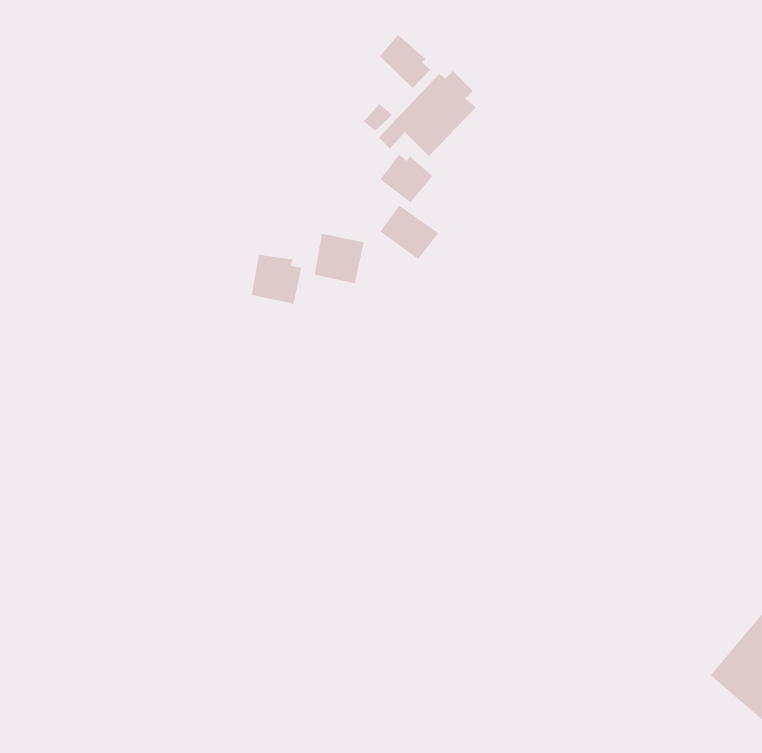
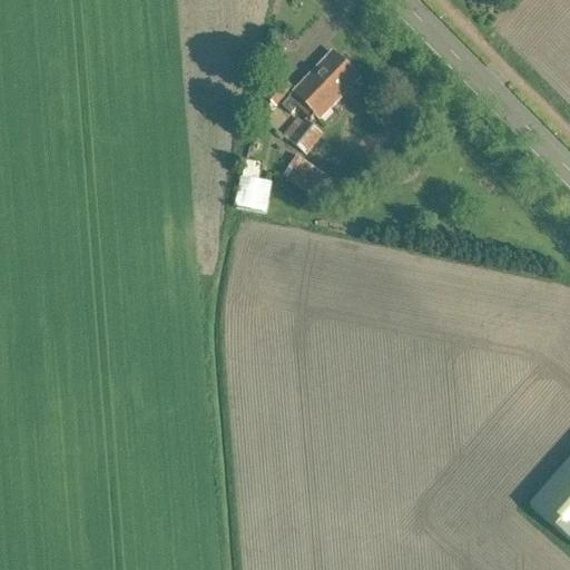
building: [379,34,431,89] -> none
building: [251,254,302,305] -> none

